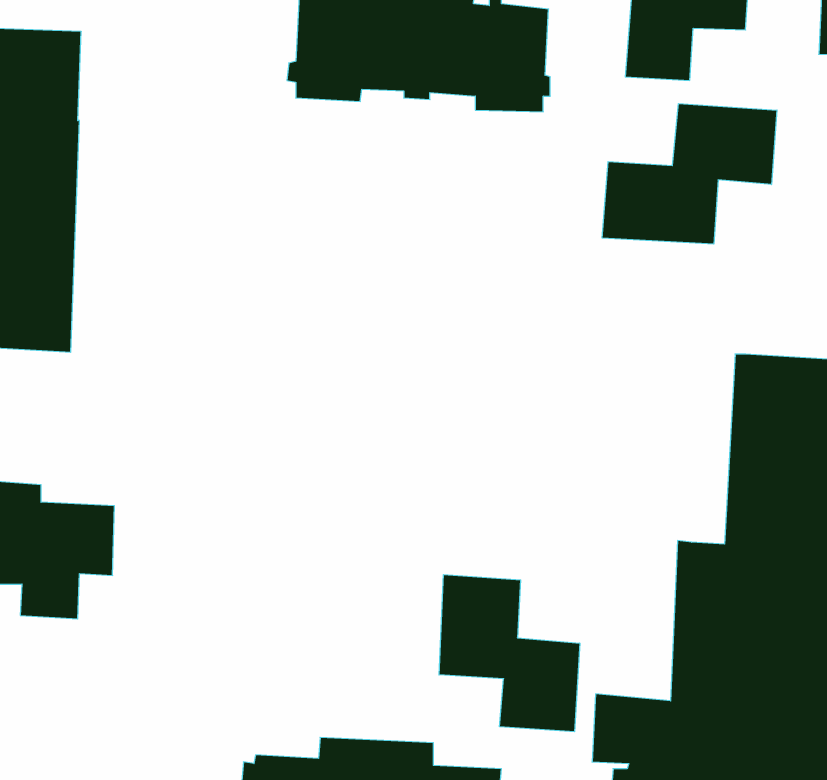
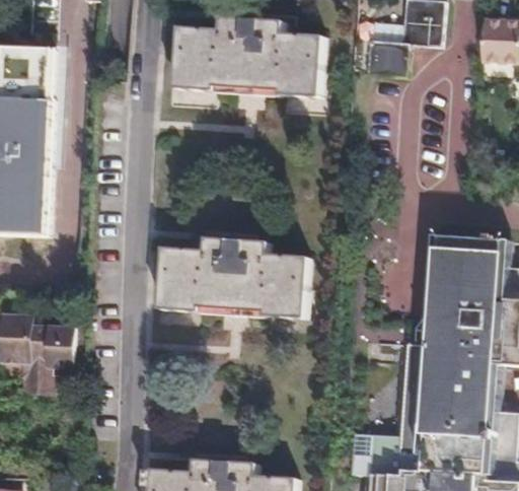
building: [602,104,777,244] -> none
building: none -> [164,239,312,319]
building: [439,575,580,732] -> none

